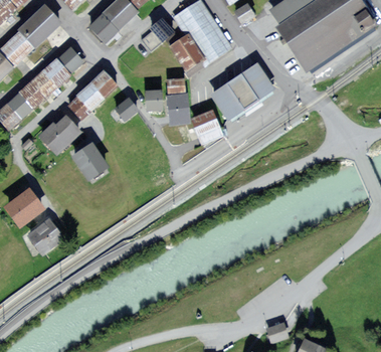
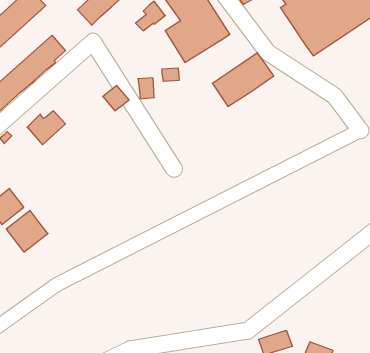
building: [65,71,118,122] -> none
building: [166,95,187,124] -> none
building: [192,113,221,144] -> none
building: [73,146,106,178] -> none

